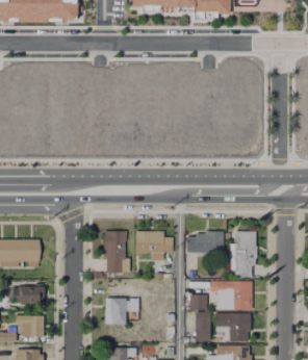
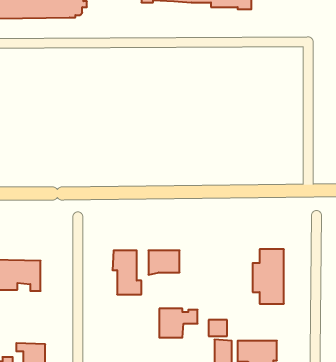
building: [187,230,223,251] -> none
building: [216,280,252,308] -> none
building: [12,285,43,303] -> none
building: [104,297,138,323] -> [159,309,198,338]

